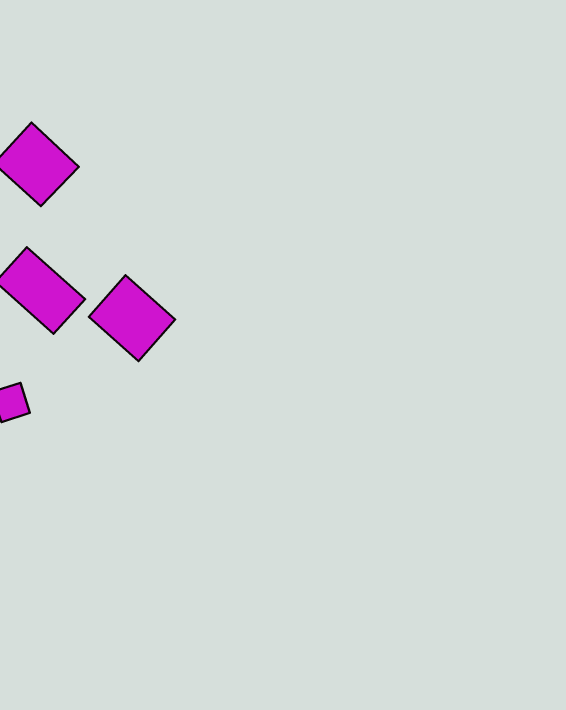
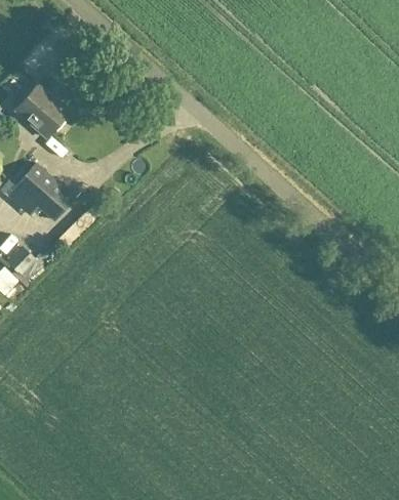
building: [89,275,175,361] -> none

